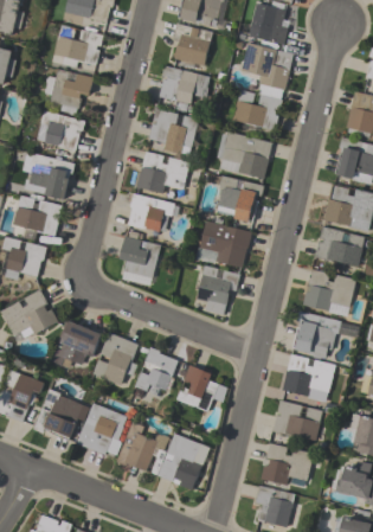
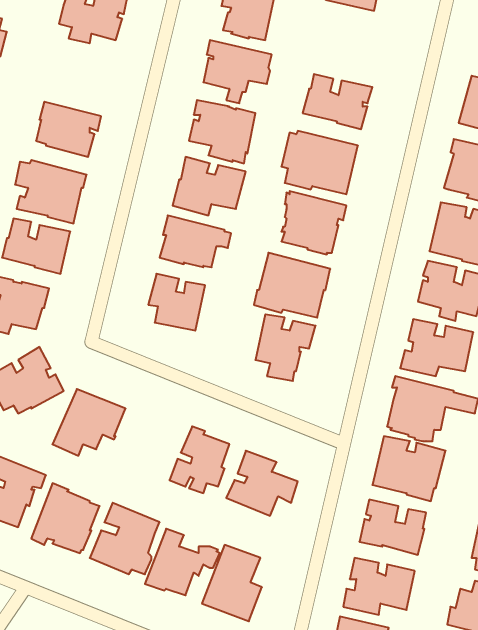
building: [240,43,292,100] -> none
building: [44,69,94,115] -> none
building: [92,332,137,385] -> none

